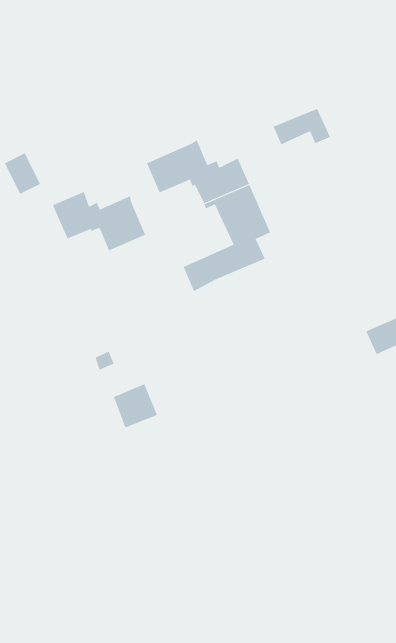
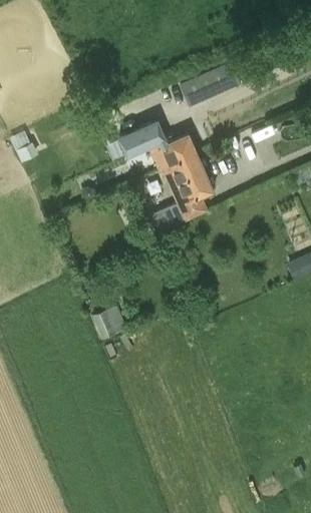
building: [273,108,331,145] -> [189,63,233,91]
building: [52,191,146,251] -> none

